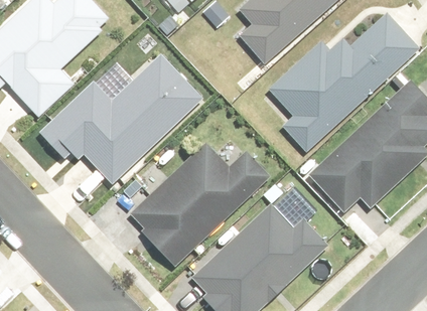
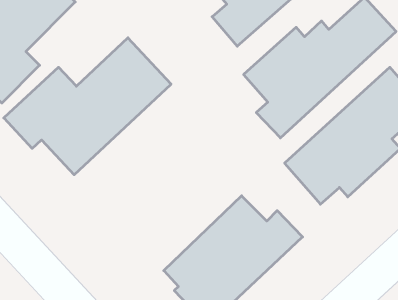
building: [131,146,268,264] -> none

